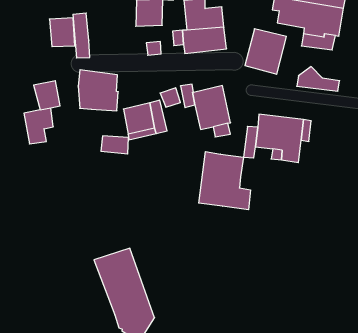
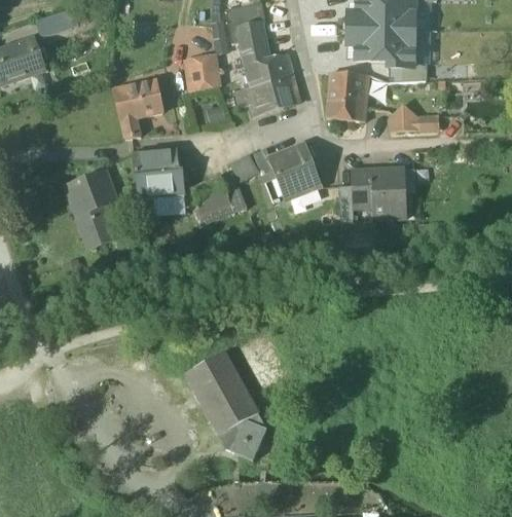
building: [49,18,75,47] -> [129,78,163,116]
building: none -> [64,179,93,214]
building: [101,136,129,154] -> [152,193,185,215]
building: [199,152,250,210] -> none

